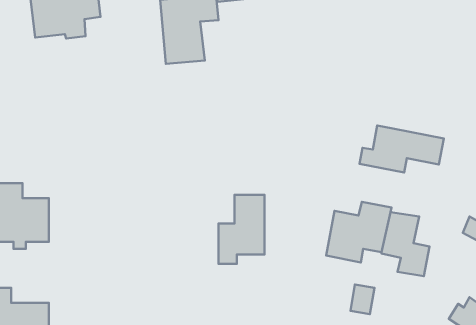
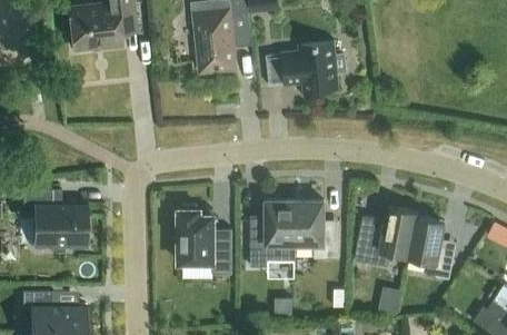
building: none -> [266,42,345,92]
building: [359,126,444,172] -> none
building: none -> [295,200,339,258]
building: none -> [175,205,232,274]

